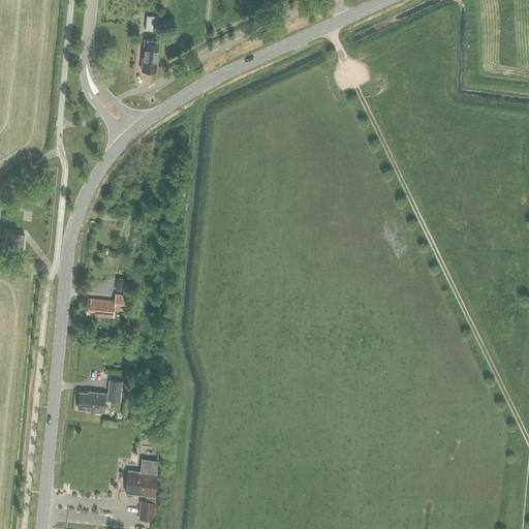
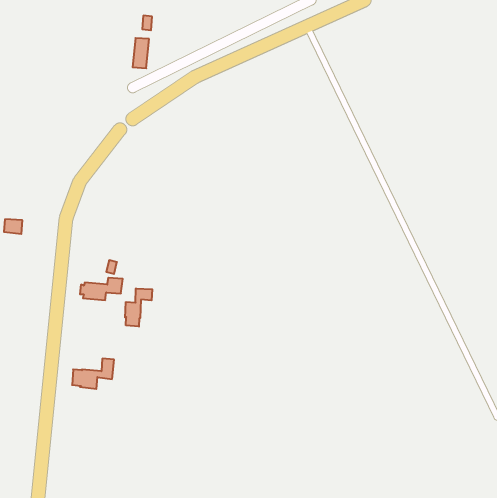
building: none -> [125,288,152,327]
building: [124,459,157,519] -> none

